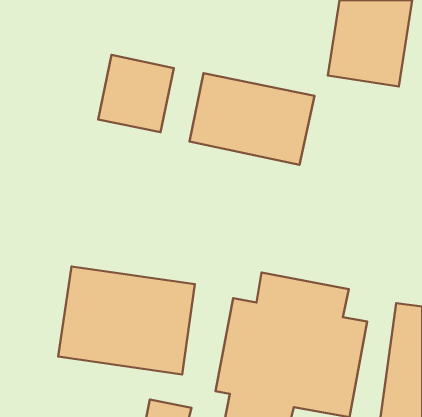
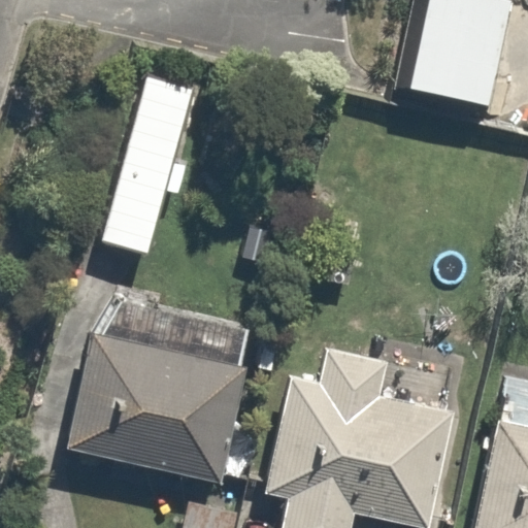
building: [189,73,314,165] -> none

